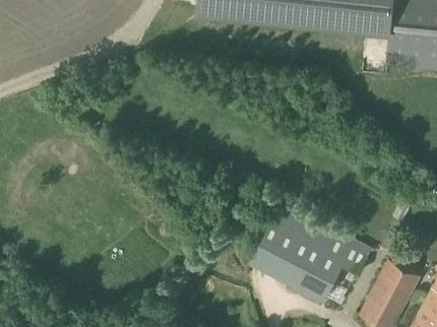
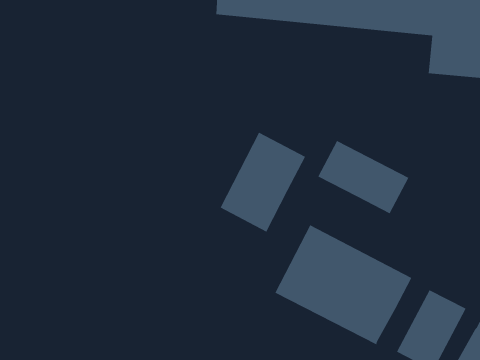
building: none -> [220,132,306,233]
building: none -> [317,140,409,214]

